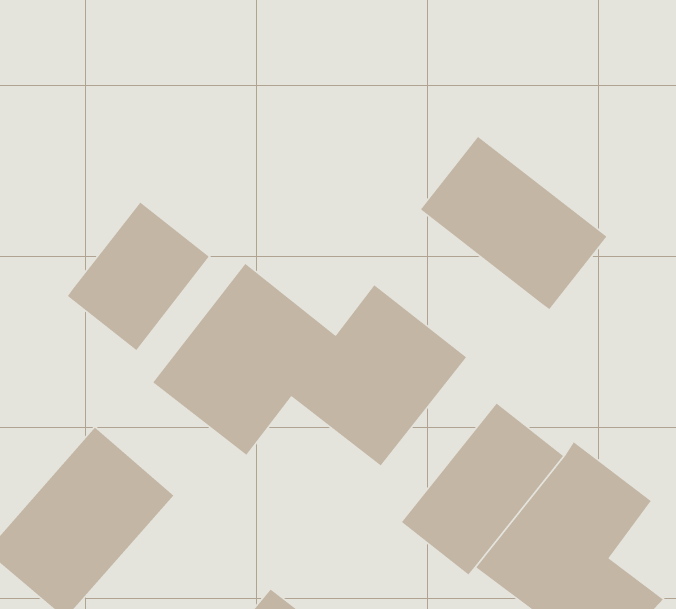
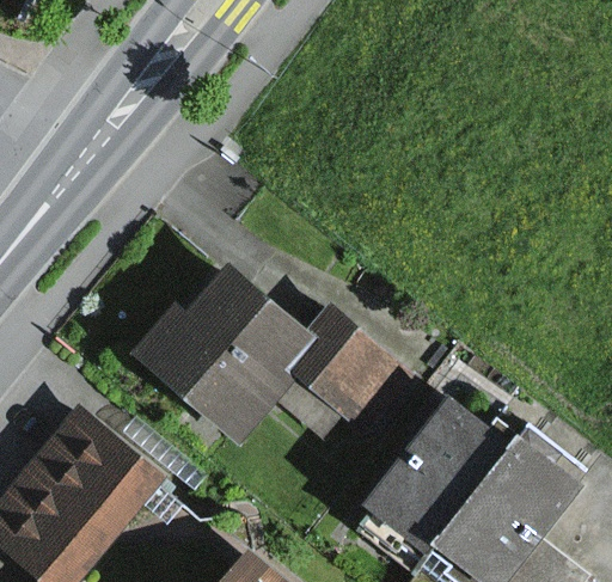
building: [420,136,608,310] -> none
building: [67,201,210,351] -> none

